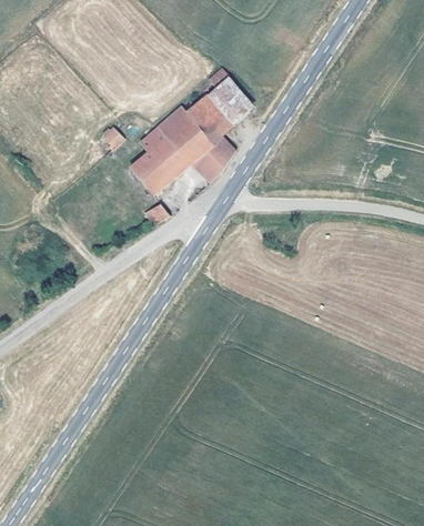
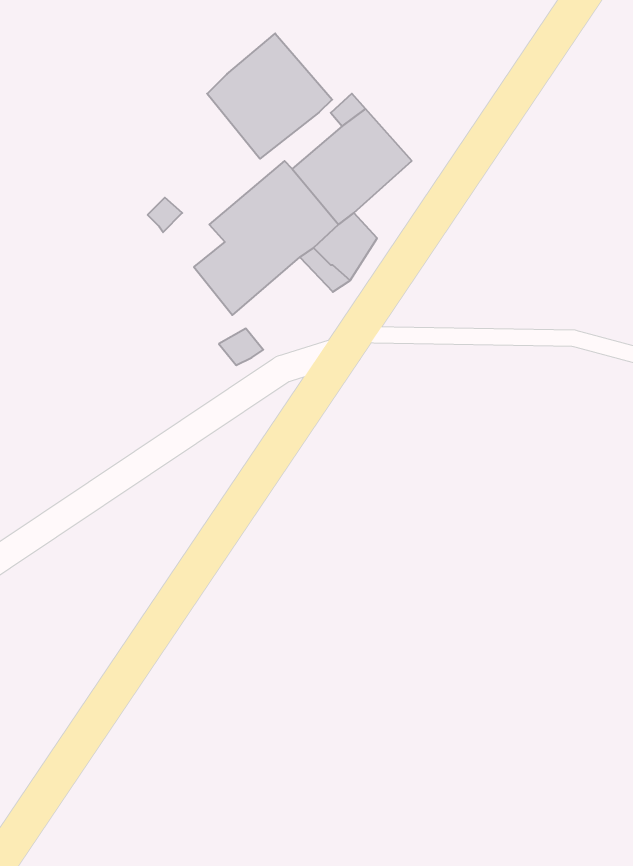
building: none -> [207,33,332,159]

